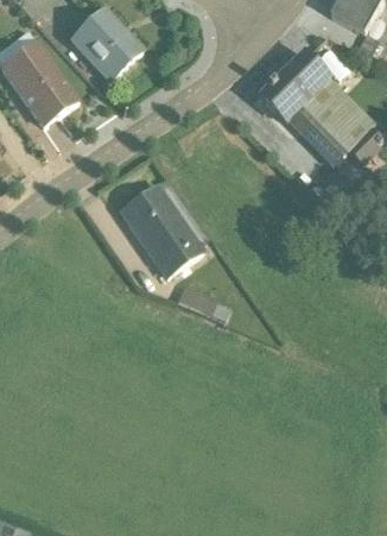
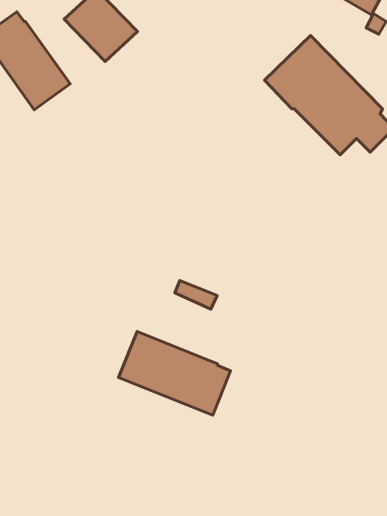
building: [122,185,204,277] -> none
building: none -> [119,332,231,415]

